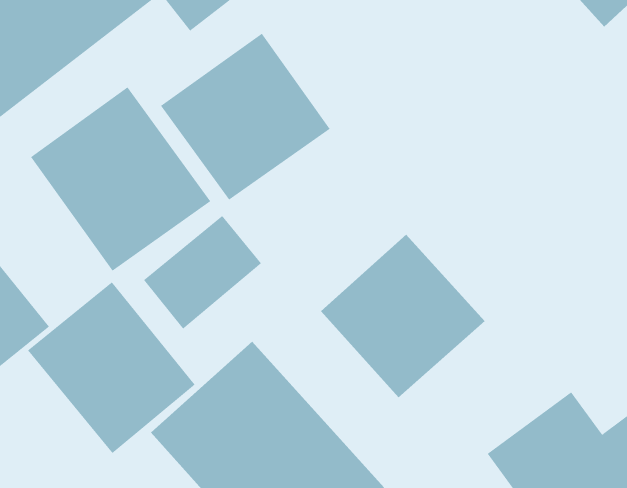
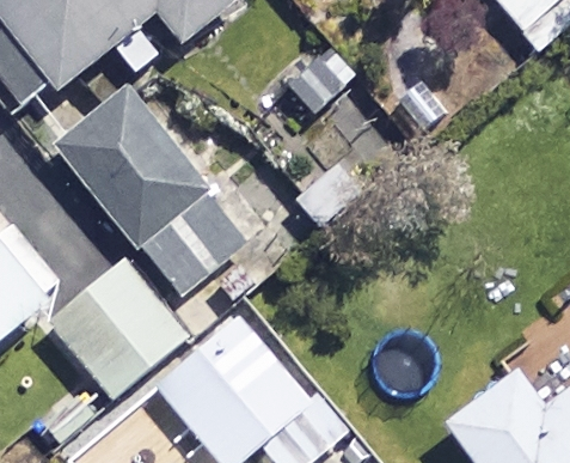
building: [160,33,330,201] -> none
building: [320,234,485,398] -> none

